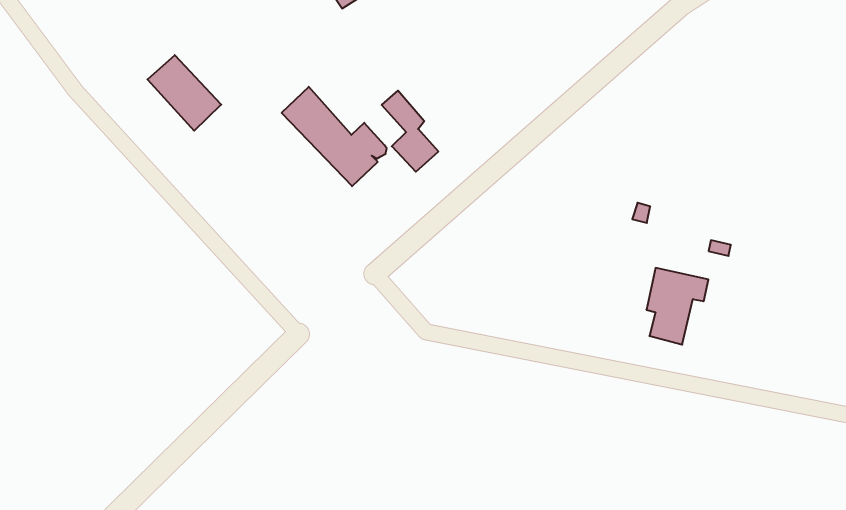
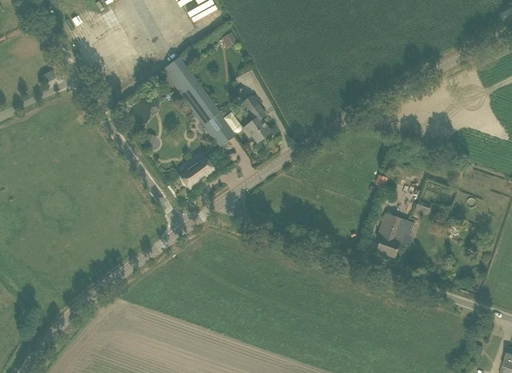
building: [147,55,221,131] -> [162,56,202,100]
building: none -> [179,156,215,189]

